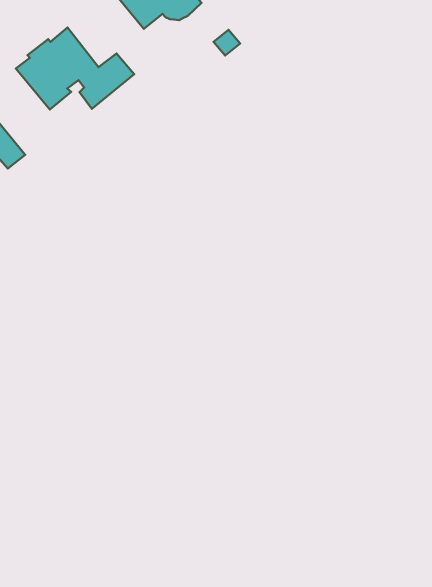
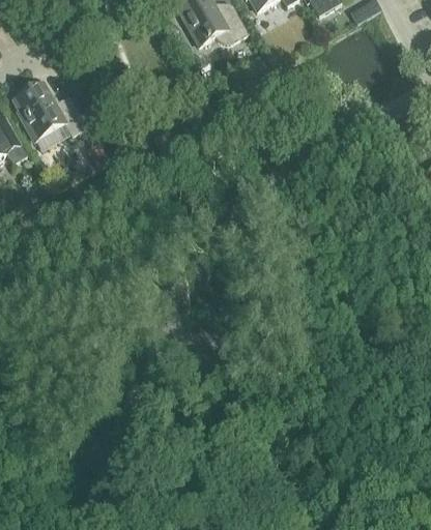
building: [16,28,134,109] -> none

